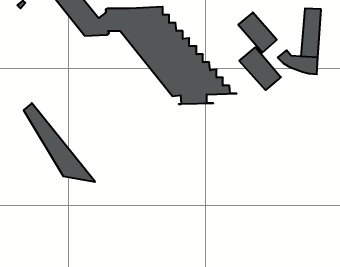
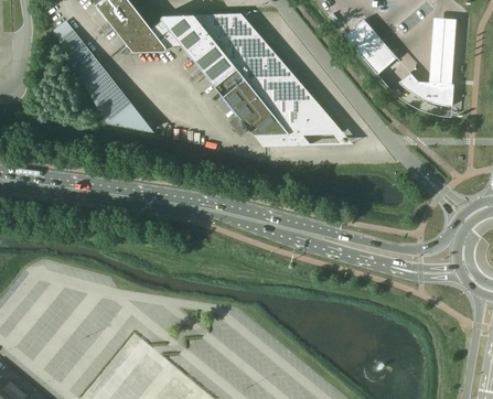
building: [239,47,281,90] -> none
building: [24,103,95,182] -> [54,22,152,130]

